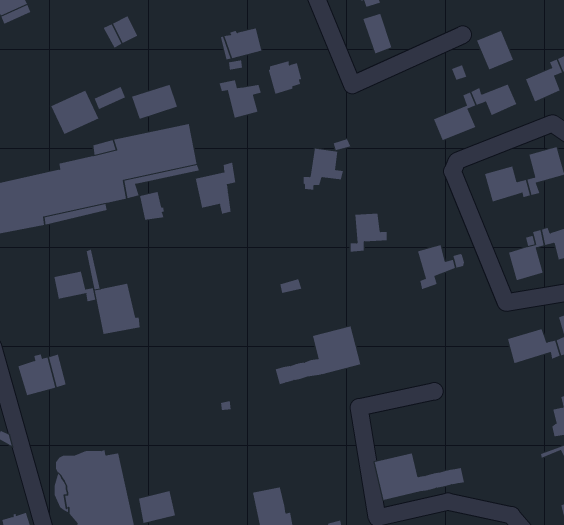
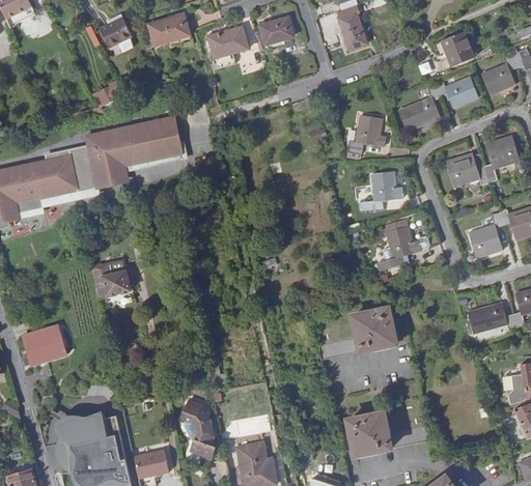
building: [268,60,302,95] -> [258,17,289,48]
building: [219,80,262,118] -> none
building: [131,84,178,119] -> [148,13,191,46]
building: [51,90,99,135] -> none
building: [303,148,344,190] -> [351,119,388,158]
building: [195,162,236,215] -> none
building: [139,191,164,220] -> none
building: [350,213,387,252] -> [368,172,402,207]
building: [54,271,96,302] -> none
building: [275,326,361,385] -> [318,308,397,362]
building: none -> [178,397,220,457]

